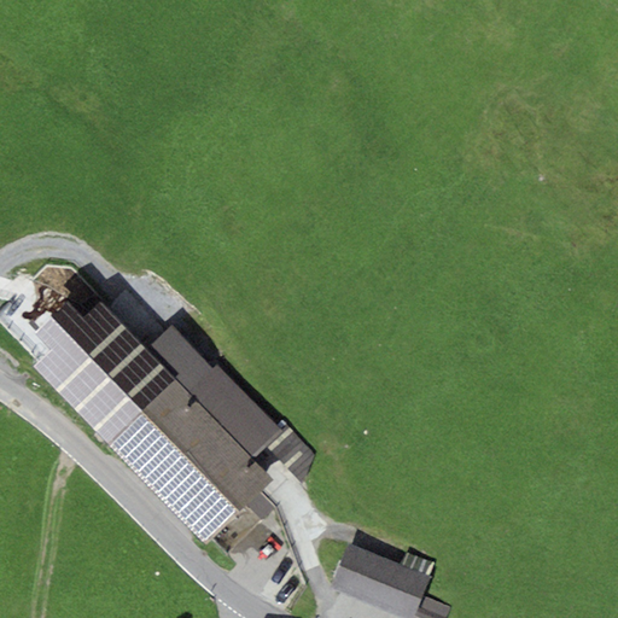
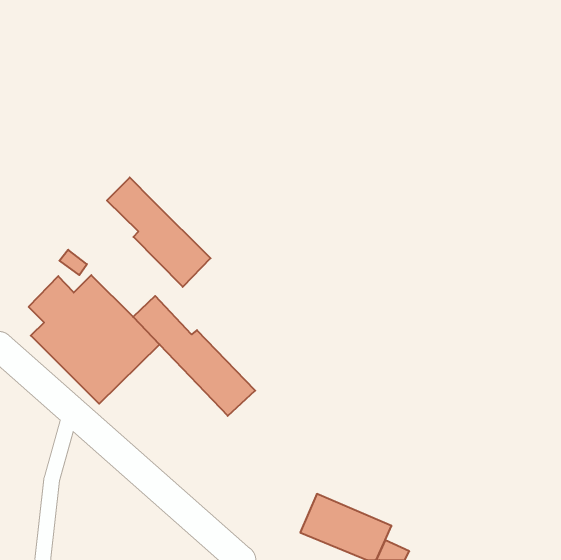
building: none -> [107,177,211,287]
building: [109,378,269,543] -> none

